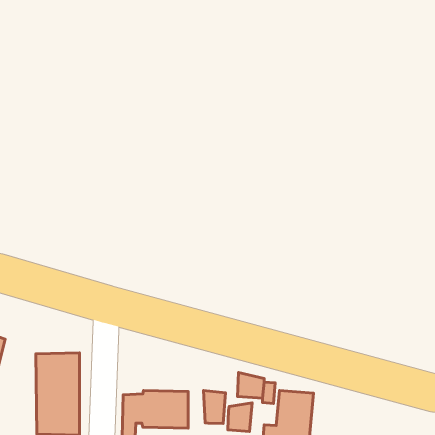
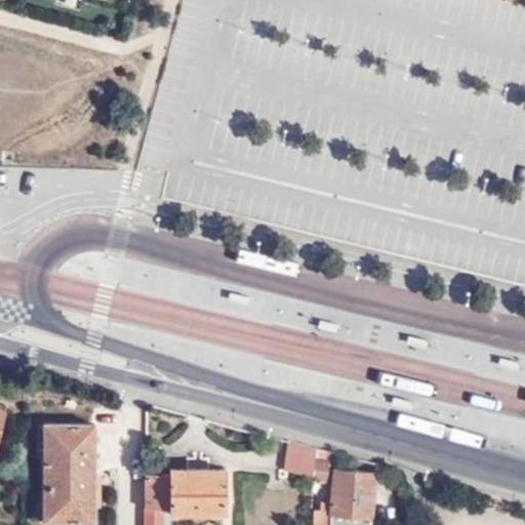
building: [204,390,225,424] -> none
building: [228,403,252,431] -> none

